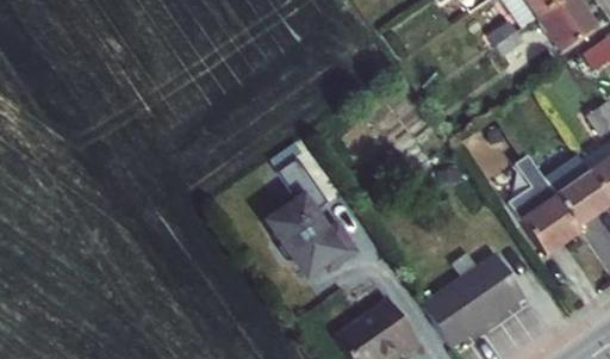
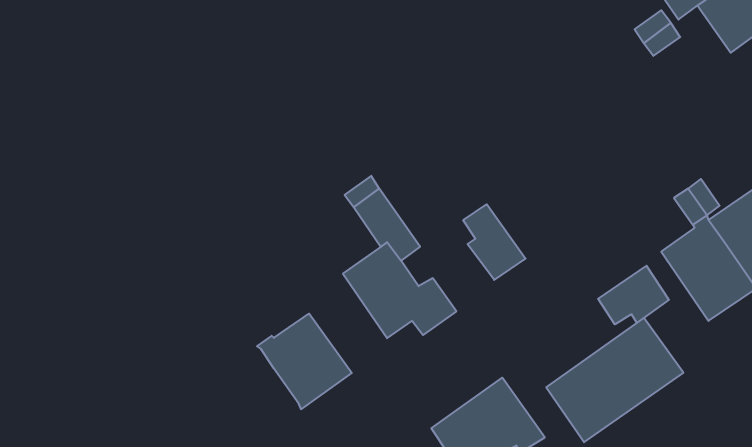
building: none -> [463,204,526,280]
building: none -> [598,266,669,324]
building: none -> [257,314,352,409]

